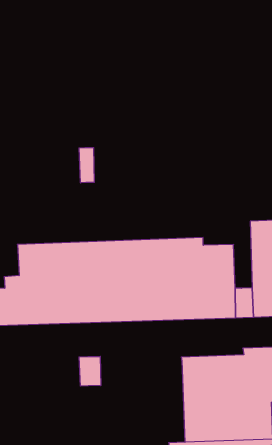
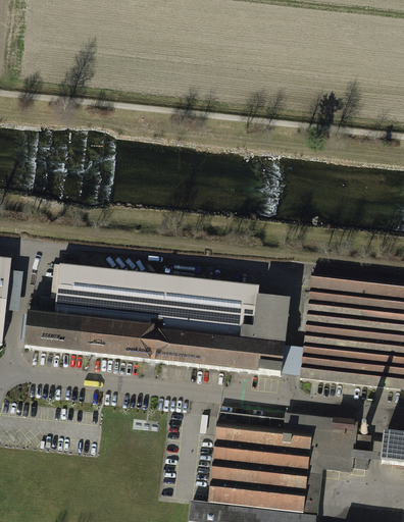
building: [79,148,94,183] -> none
building: [79,356,101,386] -> none

